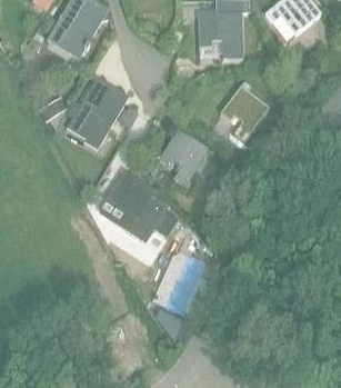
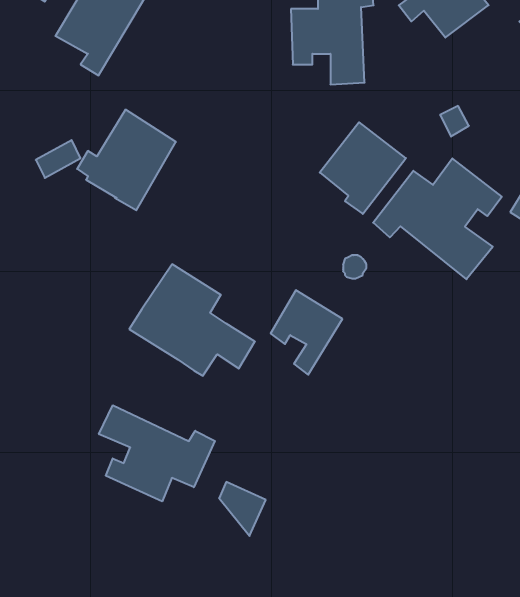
building: none -> [373,158,502,279]
building: [161,130,205,182] -> [271,290,342,375]
building: none -> [99,405,215,501]

